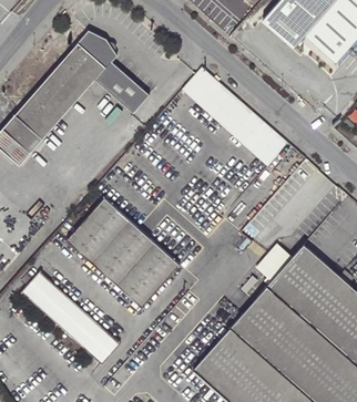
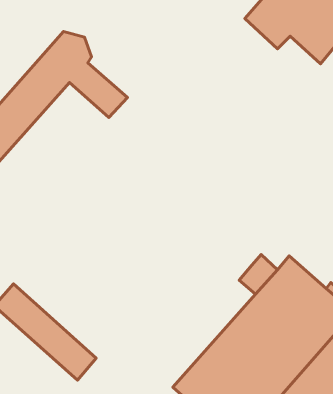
building: [181,66,287,165] -> none
building: [68,198,180,307] -> none

